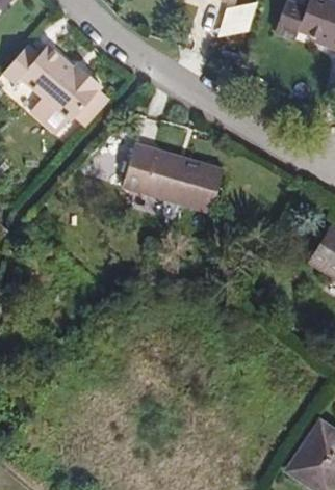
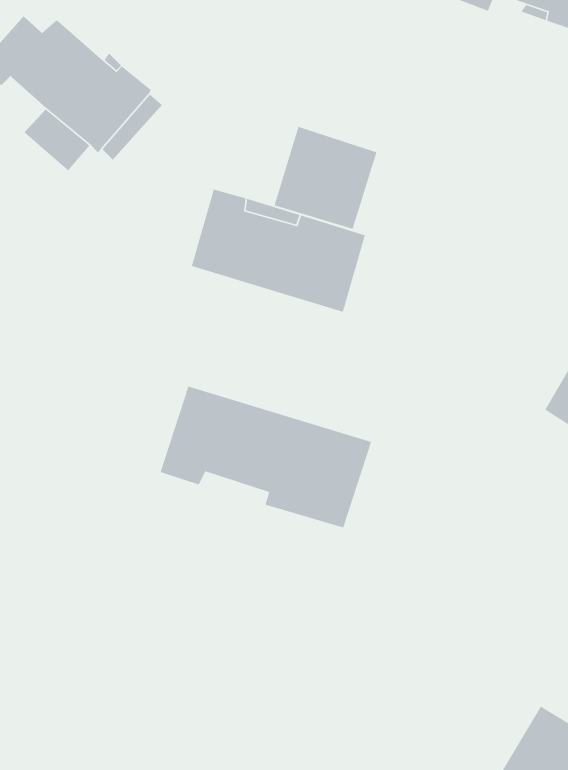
building: none -> [273,126,378,230]
building: none -> [159,385,372,529]

